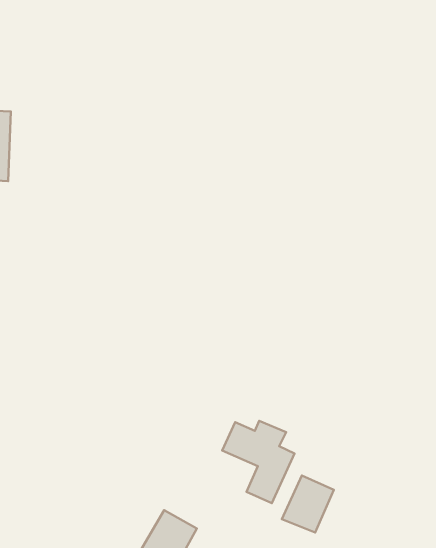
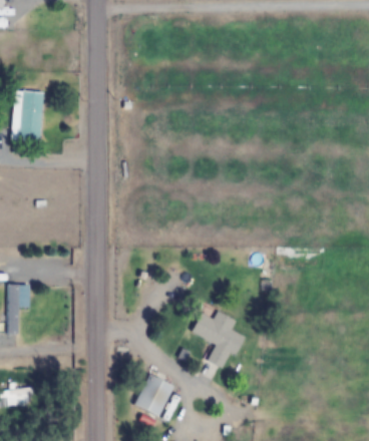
building: [282,476,334,533] -> none

